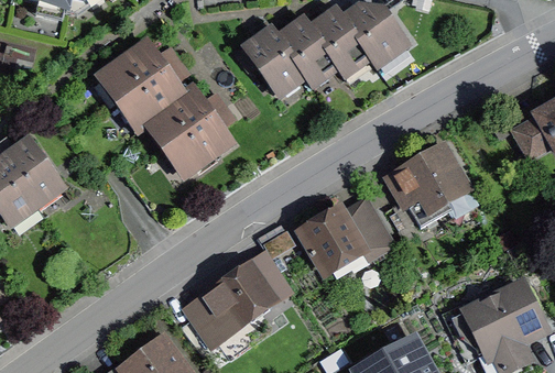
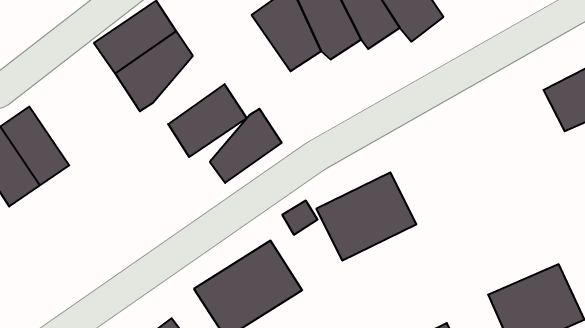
building: [145,81,213,151] -> [210,109,282,183]
building: [389,143,474,212] -> none

